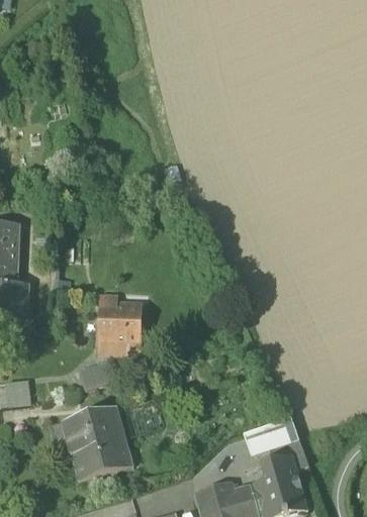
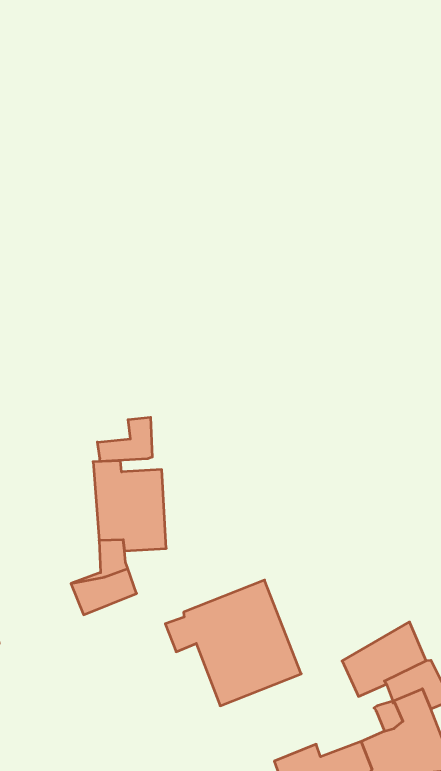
building: none -> [97,417,152,461]
building: [49,404,130,480] -> [165,580,301,706]

